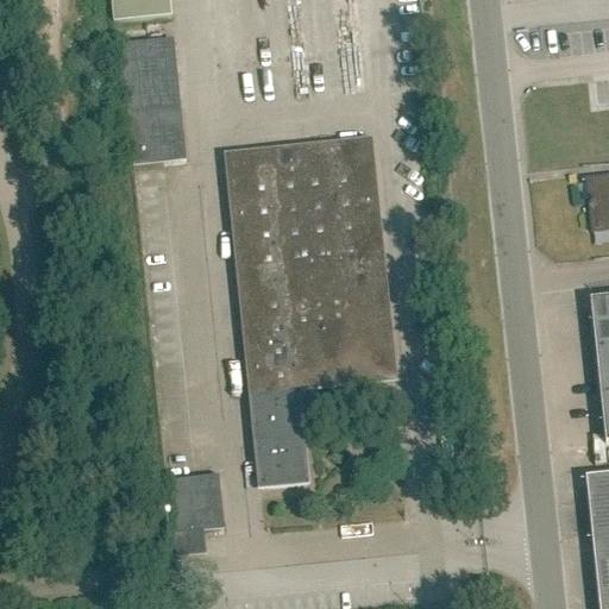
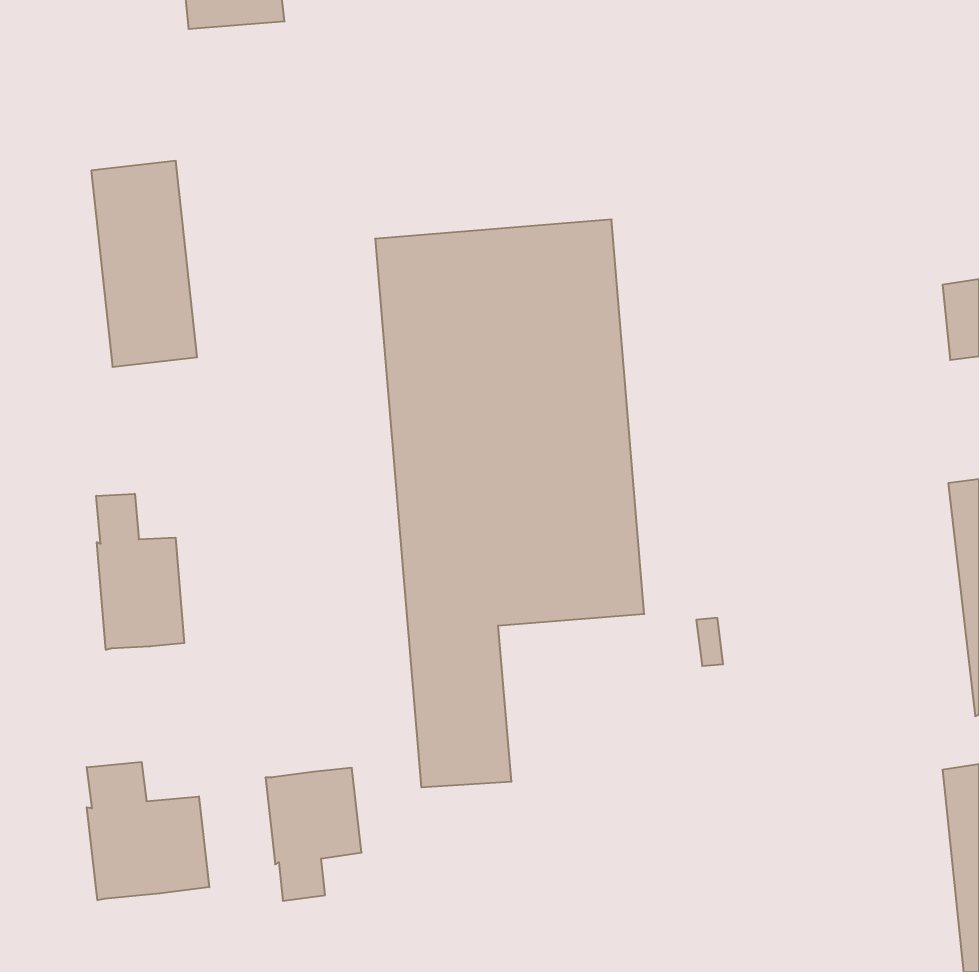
building: [118,37,183,164] -> [91,161,197,367]
building: none -> [96,494,184,650]
building: none -> [87,762,209,900]

